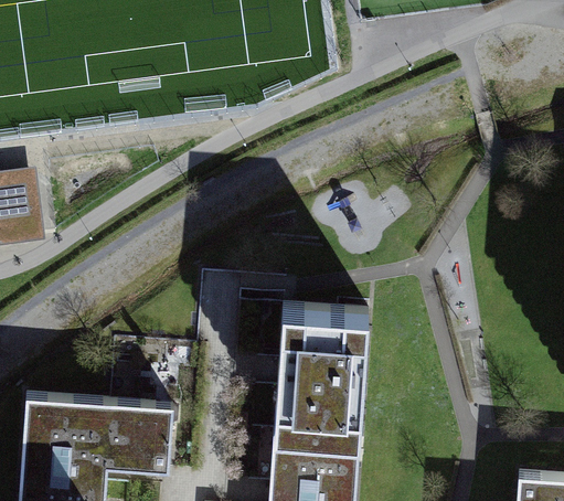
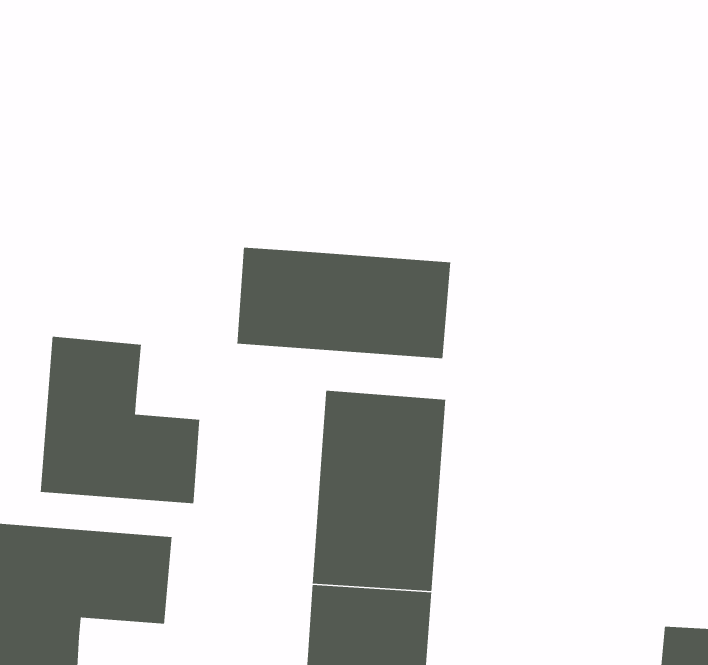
building: none -> [237,247,451,359]
building: none -> [40,336,200,504]

